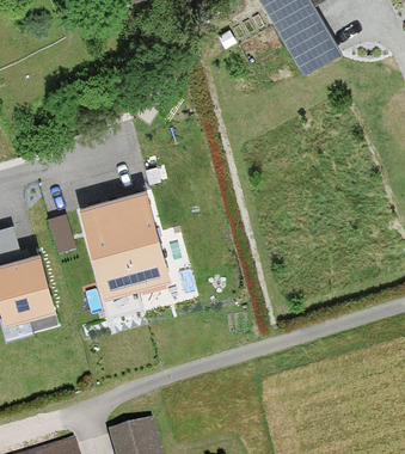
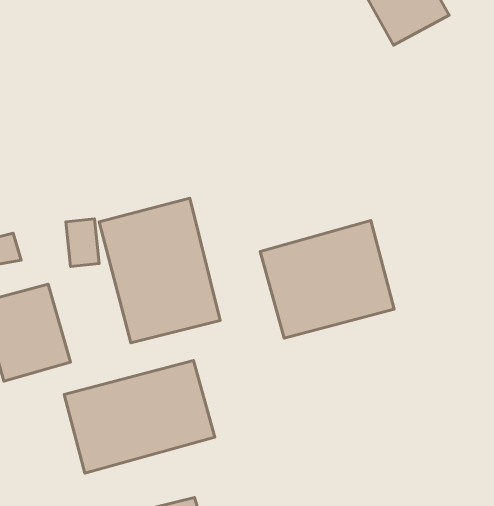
building: none -> [260,220,394,338]
building: none -> [64,361,215,473]

